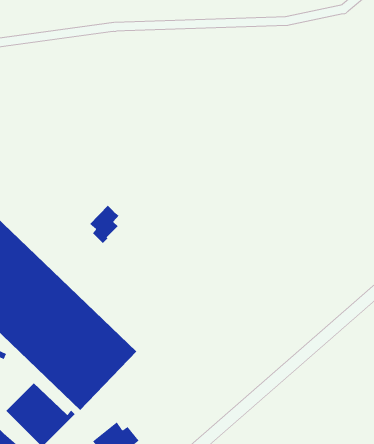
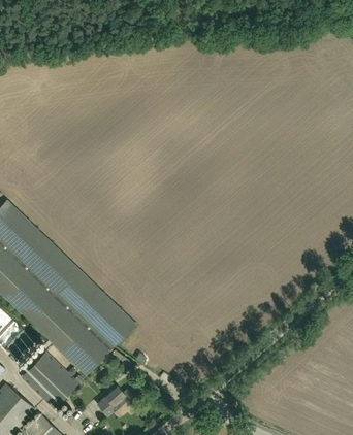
building: [89,205,120,244] -> none

